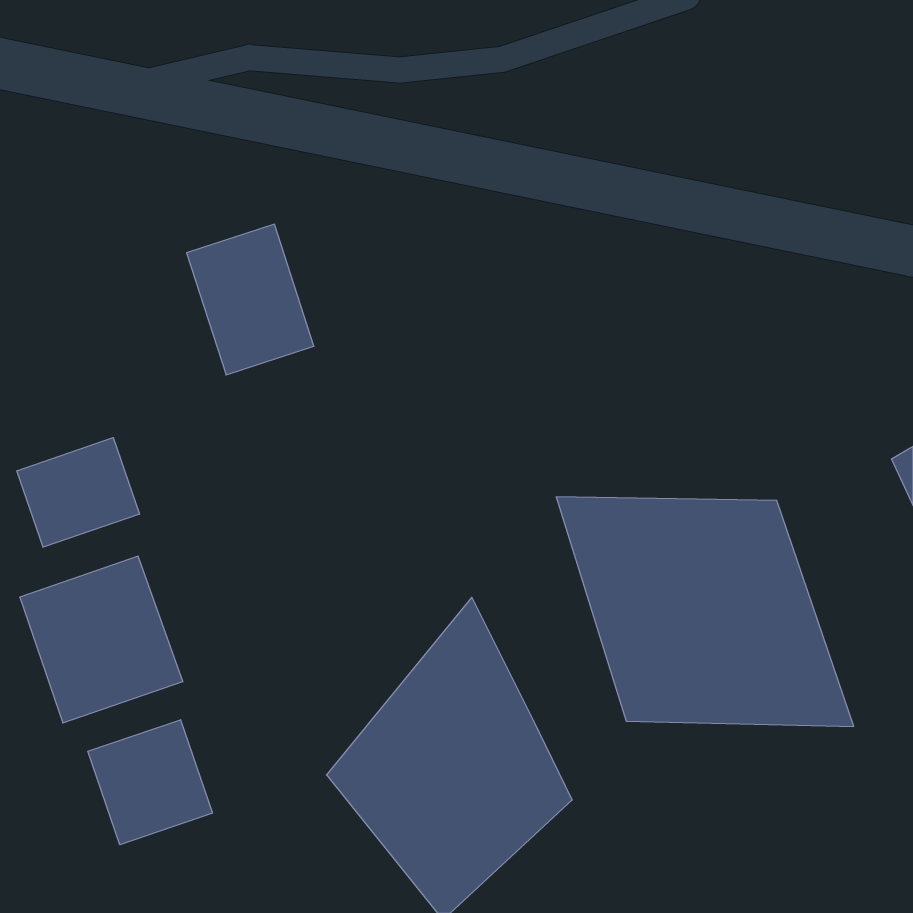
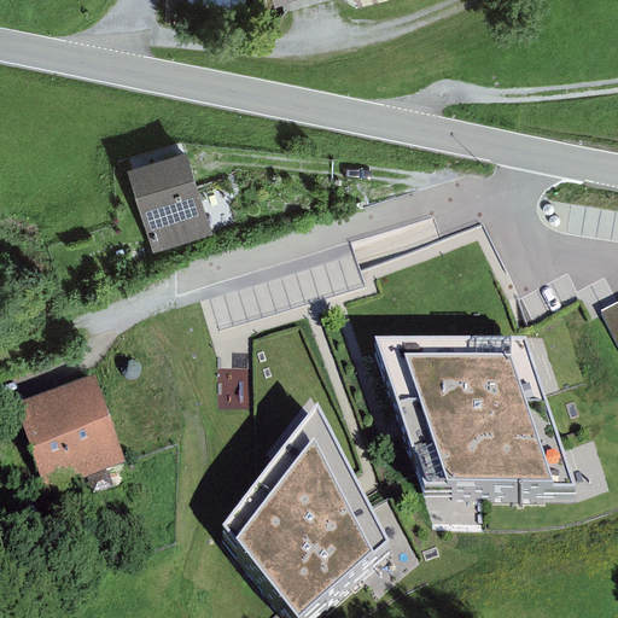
building: [17,438,139,547] -> none
building: [88,720,213,845] -> none

